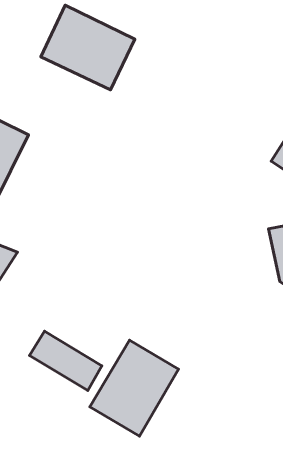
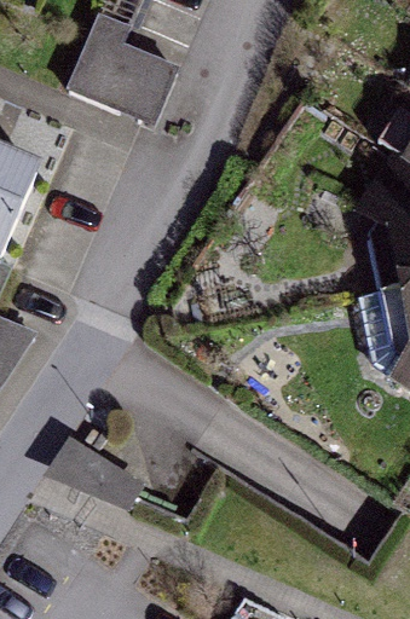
building: [90,340,179,436] -> none

